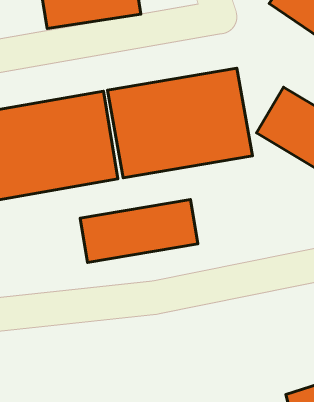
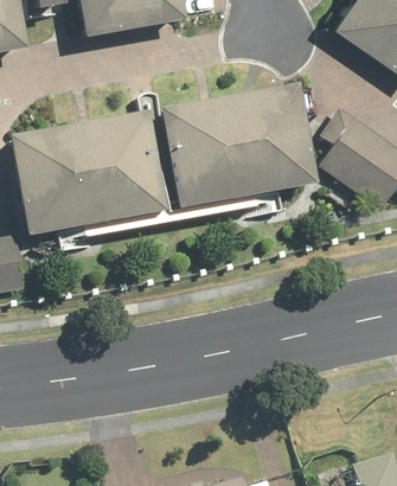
building: [80,200,198,262] -> none

